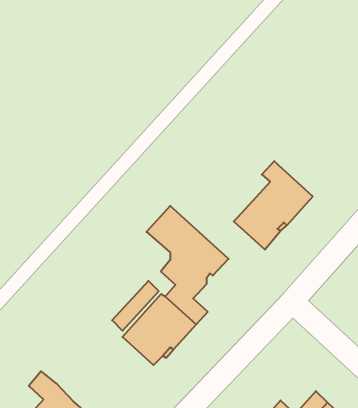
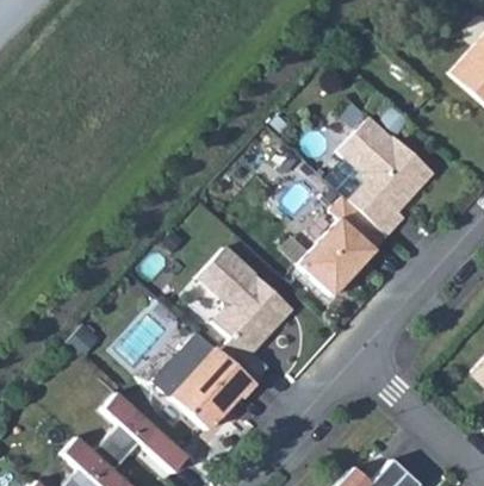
building: none -> [330,117,434,236]
building: none -> [95,392,188,473]

